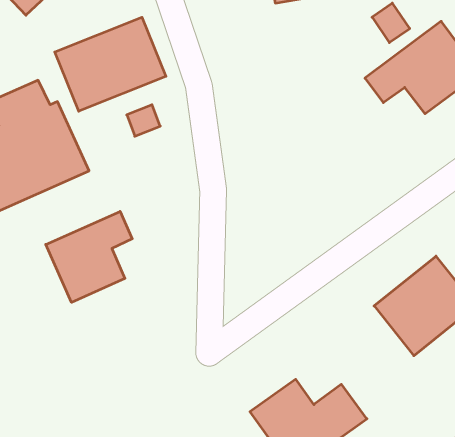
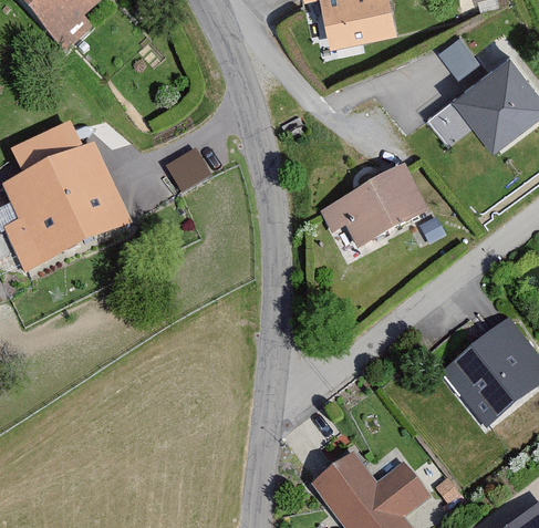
building: [55,17,166,111] -> none
building: none -> [319,165,433,250]
building: [46,211,132,302] -> none

